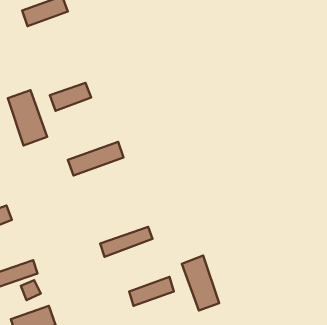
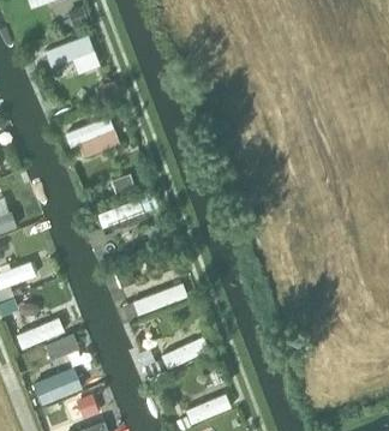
building: [8,90,47,146] -> none
building: [182,256,219,311] -> none

